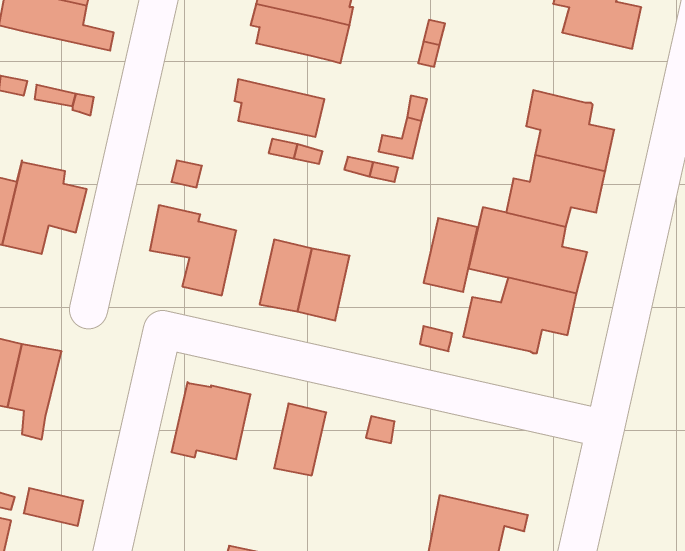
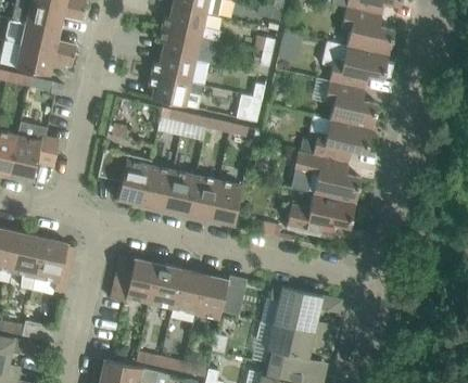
building: none -> [320,41,393,89]
building: none -> [14,44,73,75]
building: none -> [150,52,207,86]
building: [424,218,478,292] -> [208,180,241,225]
building: none -> [140,165,172,209]
building: none -> [34,238,75,293]
building: none -> [149,264,180,308]
building: none -> [194,275,227,318]
building: none -> [268,285,327,336]

